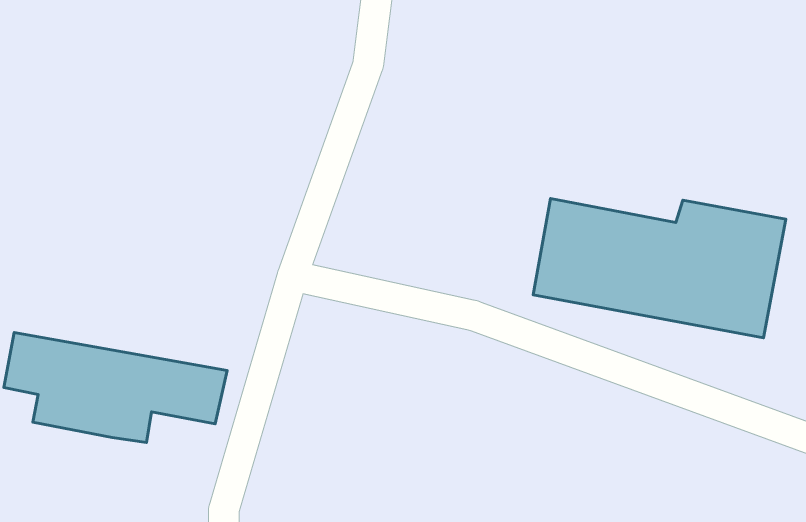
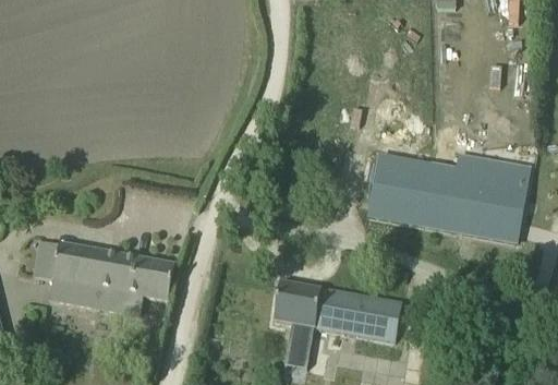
building: none -> [274,279,402,354]

